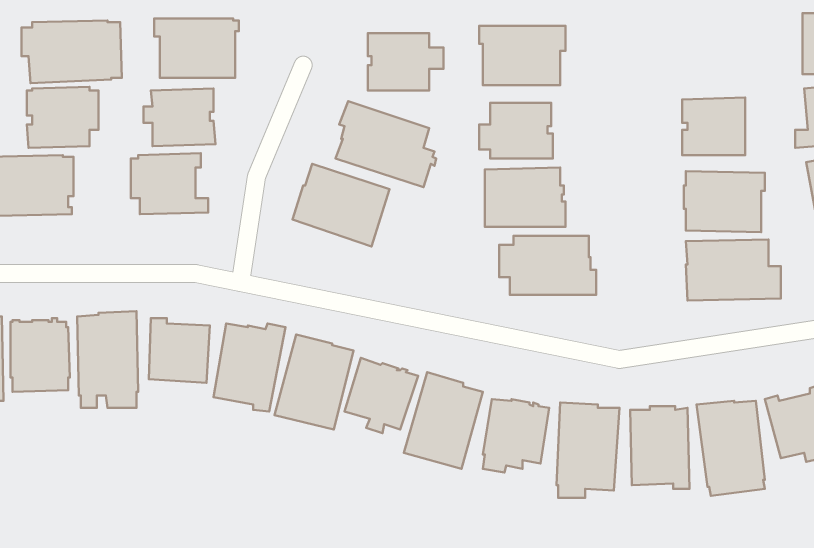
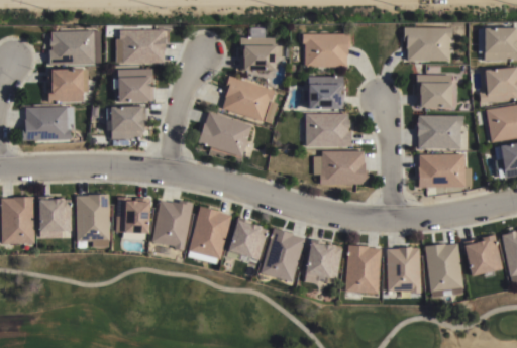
building: none -> [404,27,452,61]

